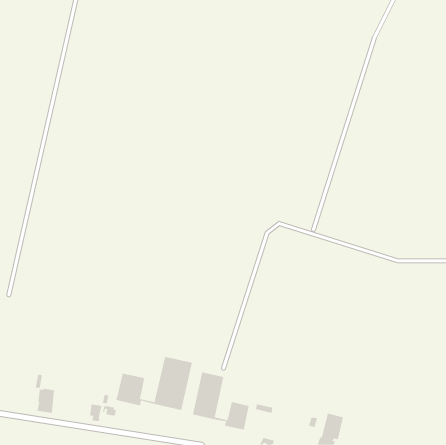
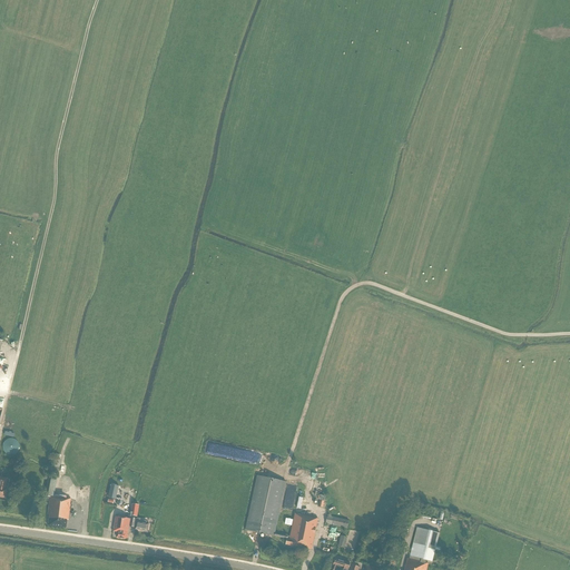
building: [116,356,192,411] -> none

